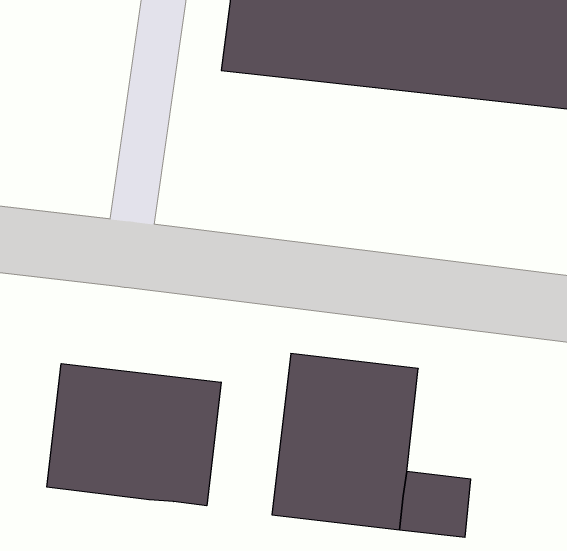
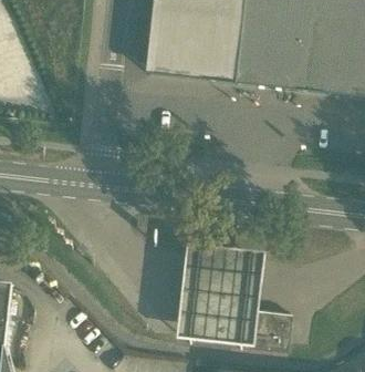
building: [47,364,221,506] -> none

